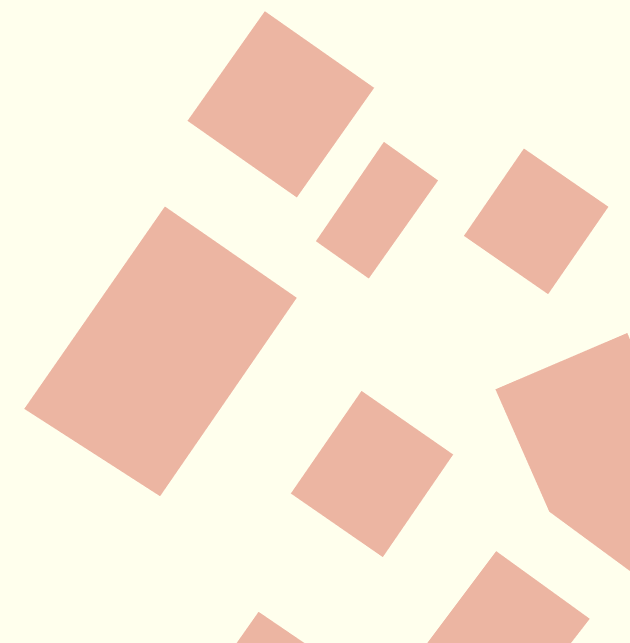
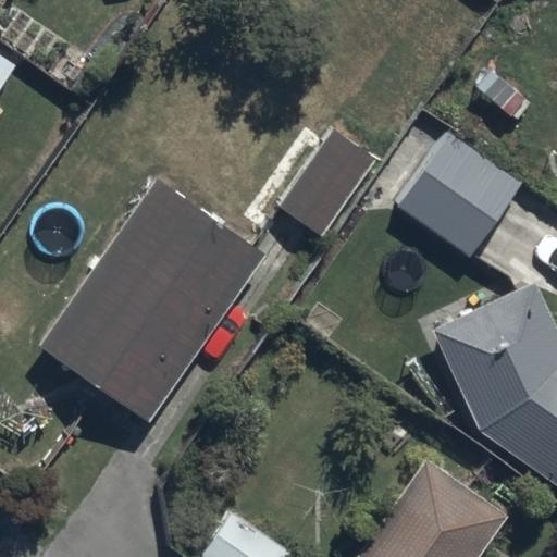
building: [186,10,375,199] -> none
building: [290,390,454,558] -> none

